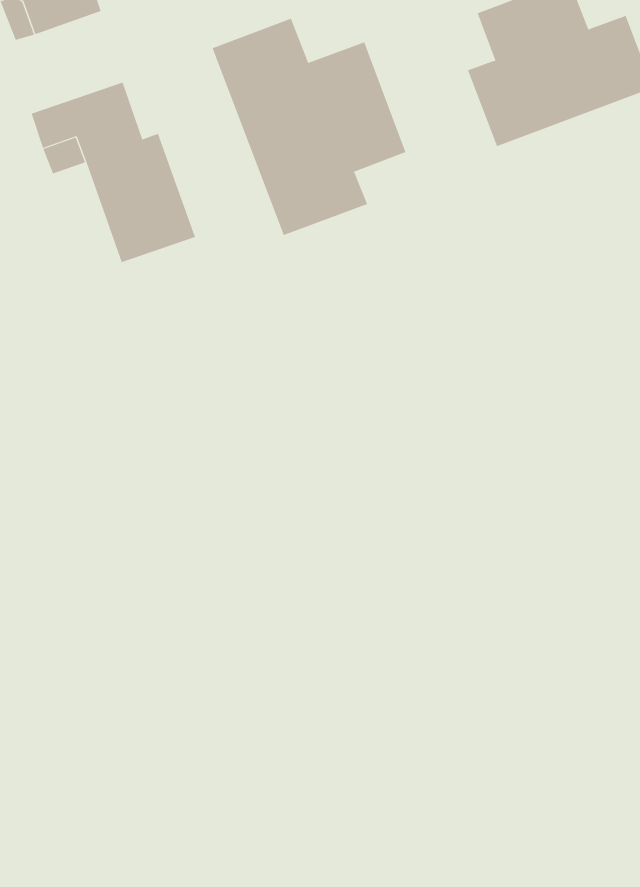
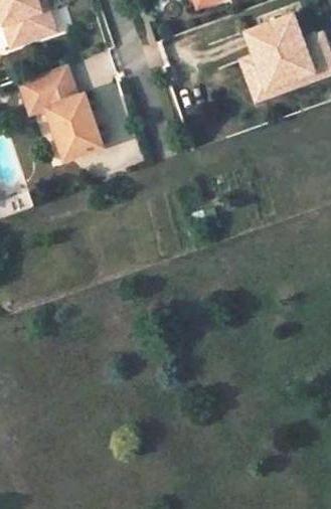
building: [212,18,406,236] -> none

